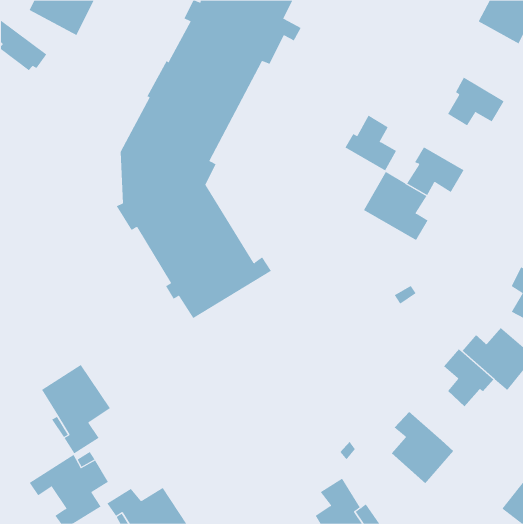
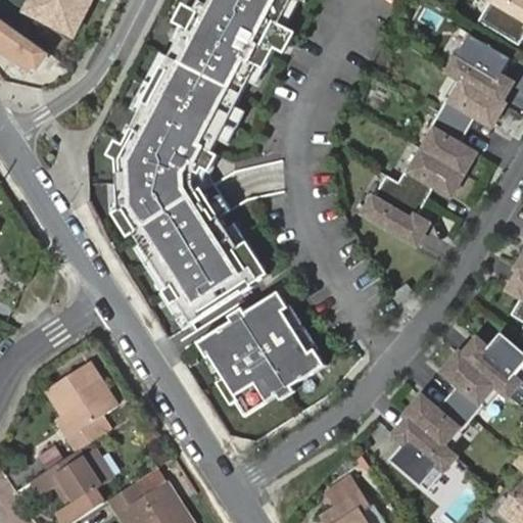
building: none -> [448,31,512,99]
building: [345,115,397,171] -> [423,113,475,170]
building: none -> [200,288,327,412]
building: none -> [406,388,464,438]

